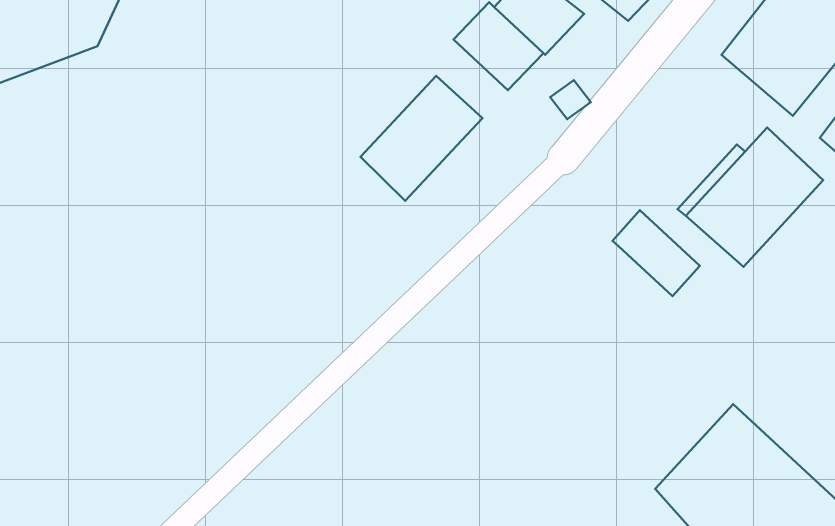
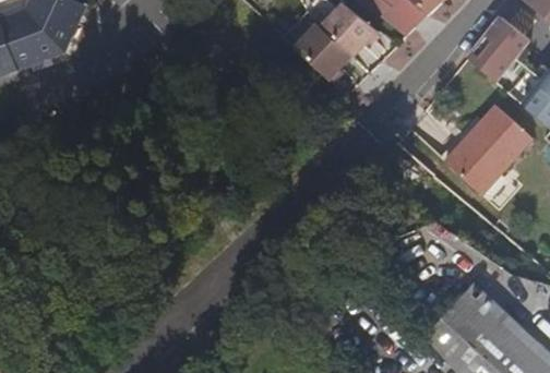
building: [360,76,482,201] -> none
building: [612,210,700,296] -> none

